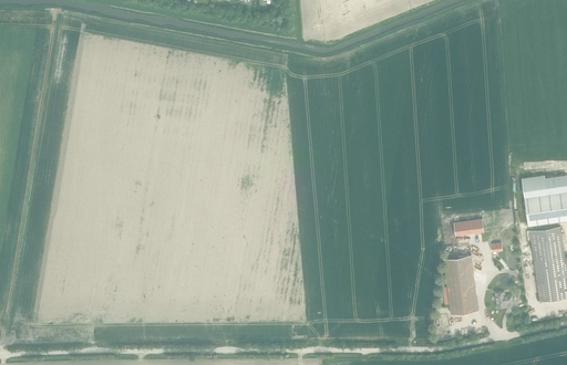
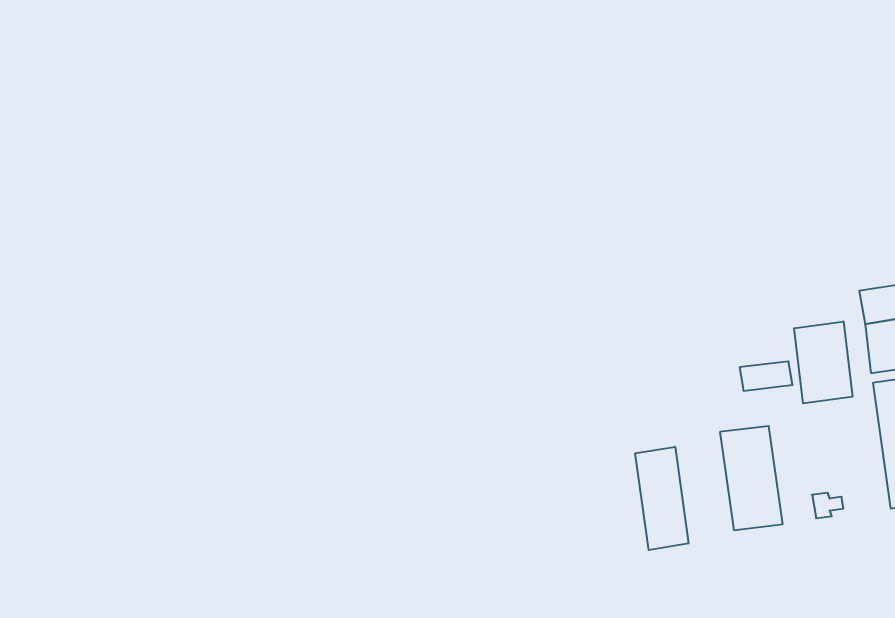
building: none -> [794,321,852,403]
building: none -> [635,447,689,550]

